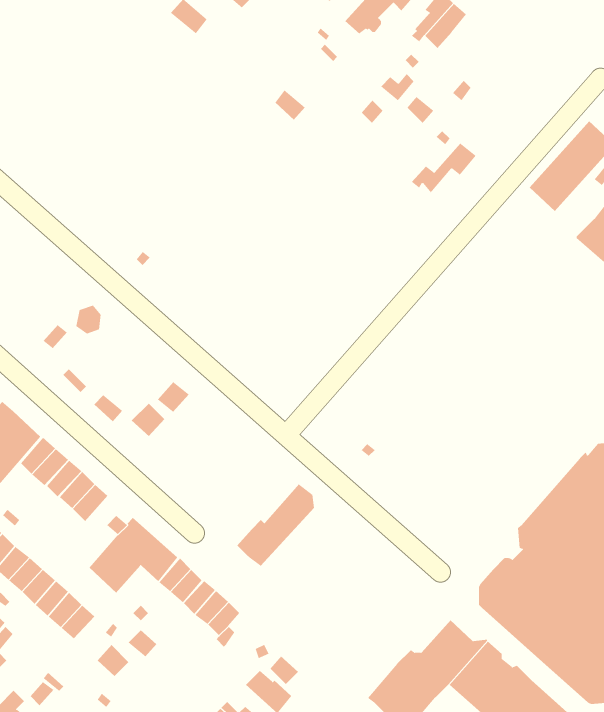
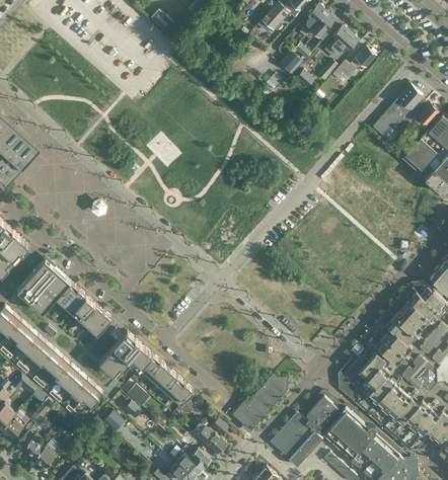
building: none -> [325,27,357,60]
building: [411,143,476,193] -> [334,48,375,79]
building: [237,483,315,567] -> [231,377,280,428]

